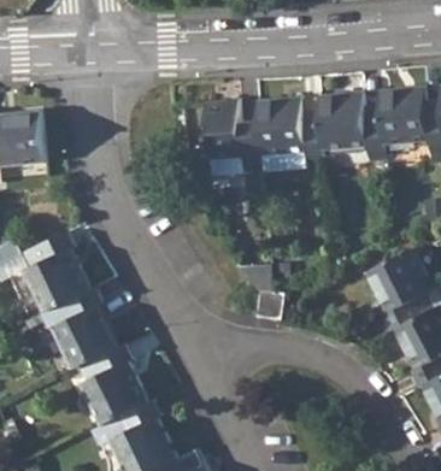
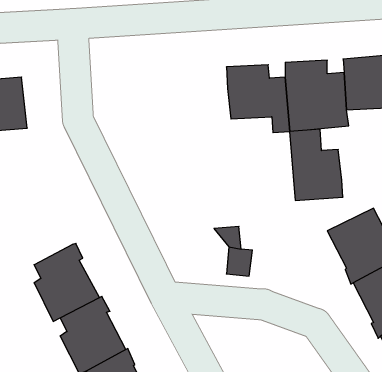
building: [205,100,261,176] -> [290,129,343,200]
building: [22,231,92,313] -> none

